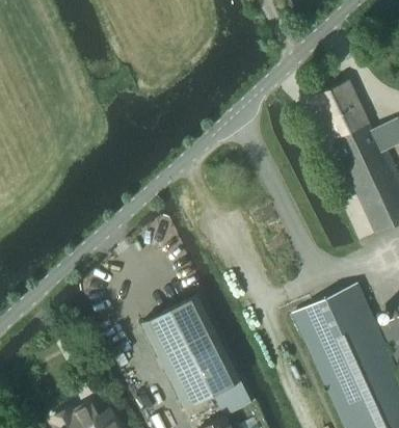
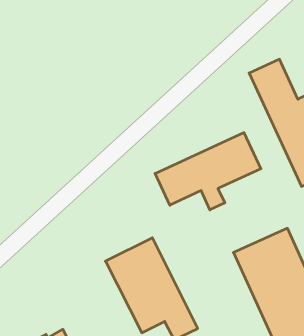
building: none -> [155,133,261,210]

